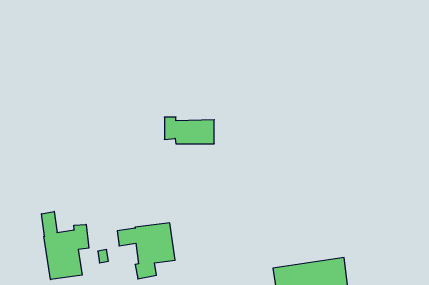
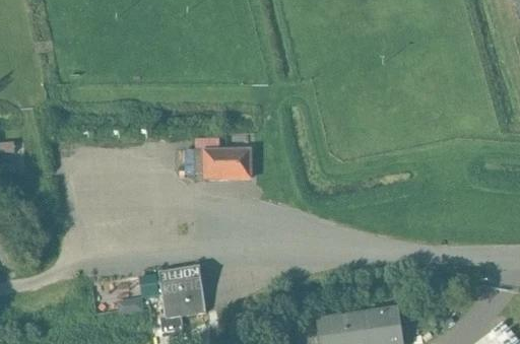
building: [42,211,89,280] -> none

